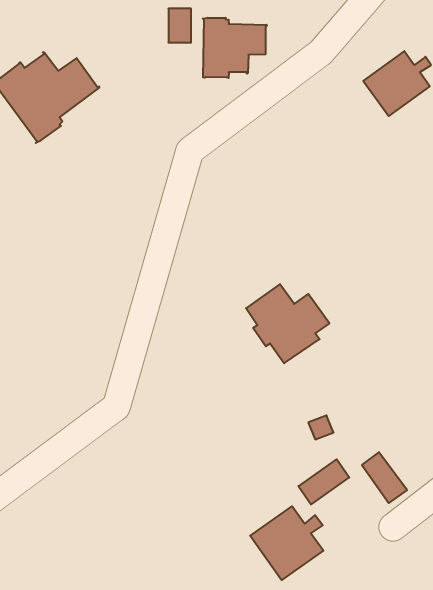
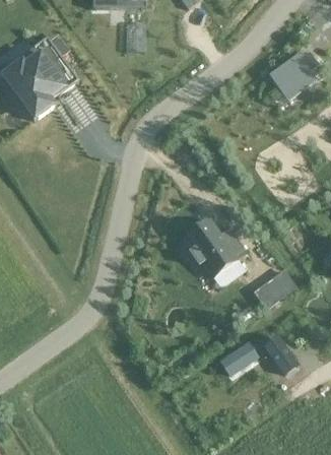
building: [203,18,267,78] -> none
building: none -> [253,265,295,304]
building: [250,506,323,580] -> none

